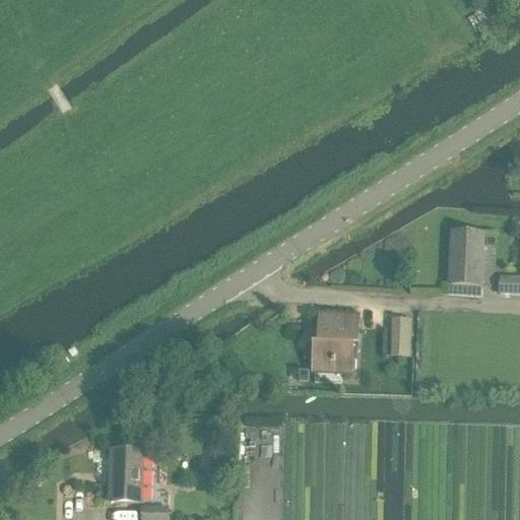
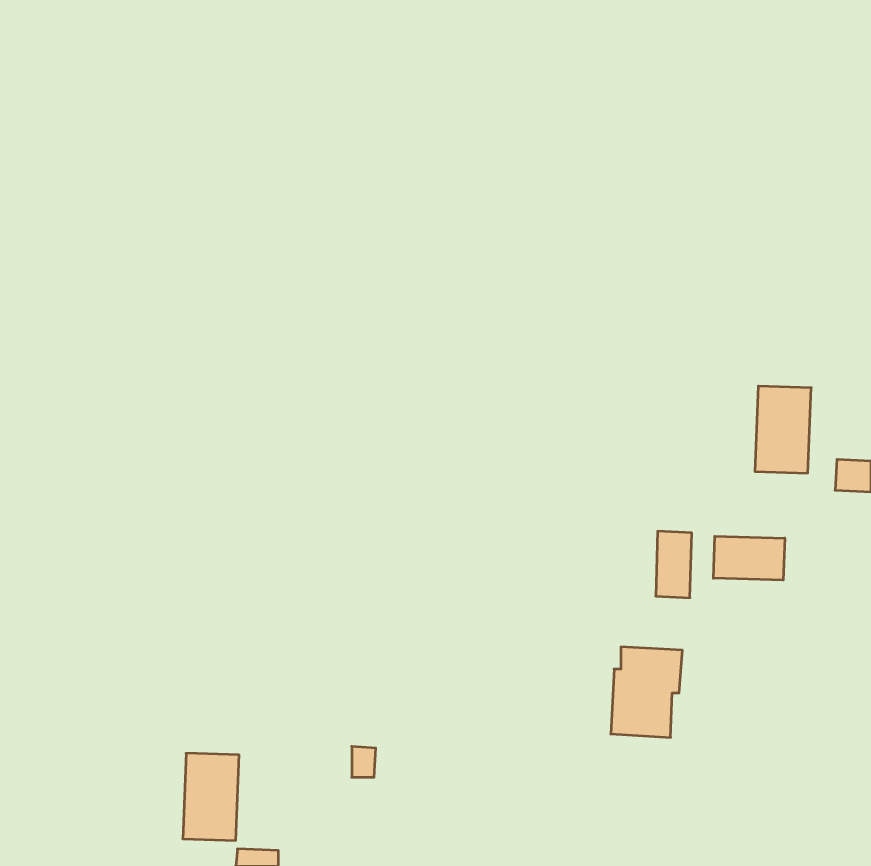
building: [314,315,356,369] -> [611,647,682,737]
building: none -> [713,536,785,580]

